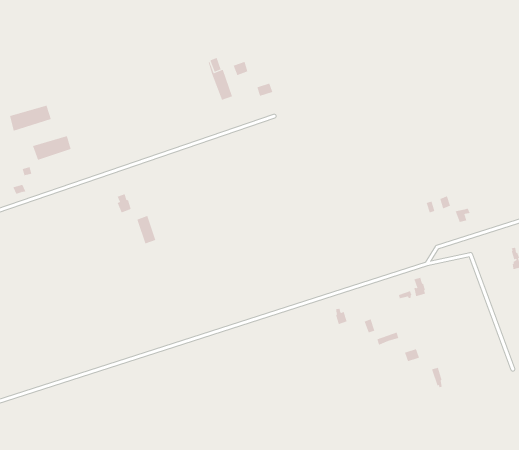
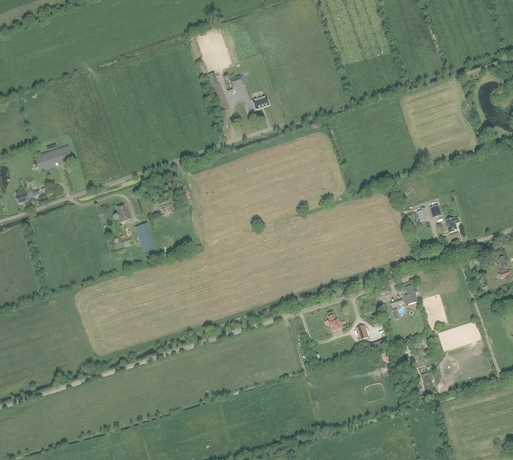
building: [9,105,51,132] -> none

